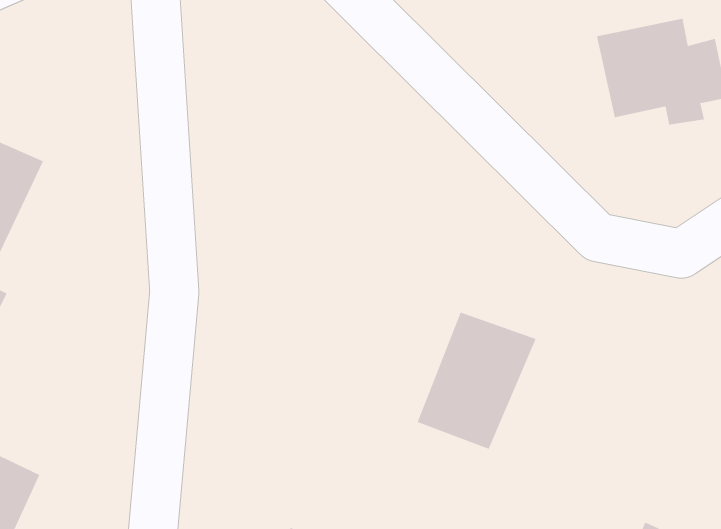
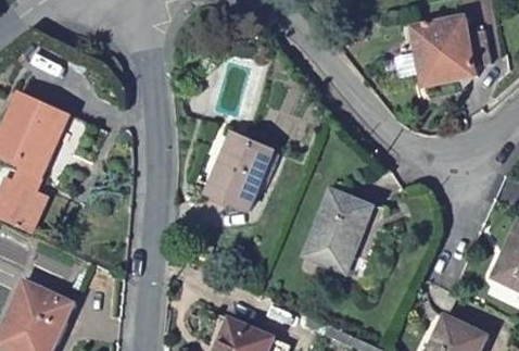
building: none -> [211,137,277,211]

